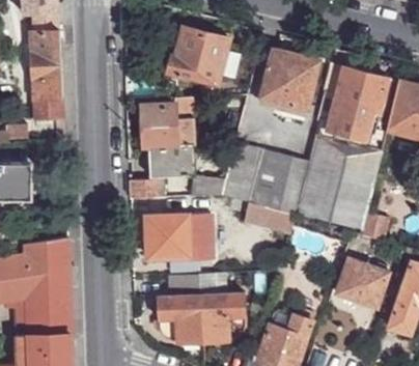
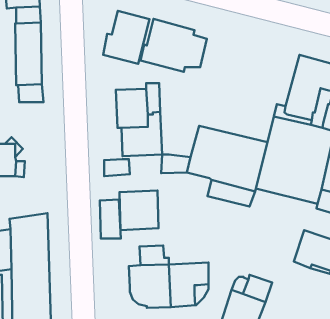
building: none -> [103,11,150,64]
building: [260,50,317,108] -> none
building: [187,214,210,256] -> [100,200,121,238]

